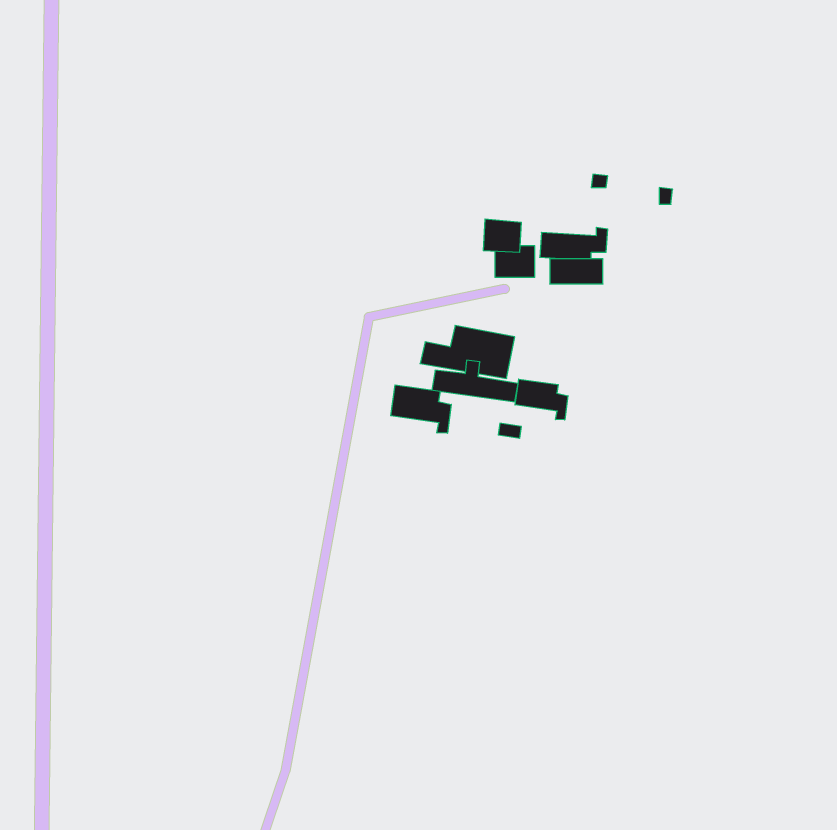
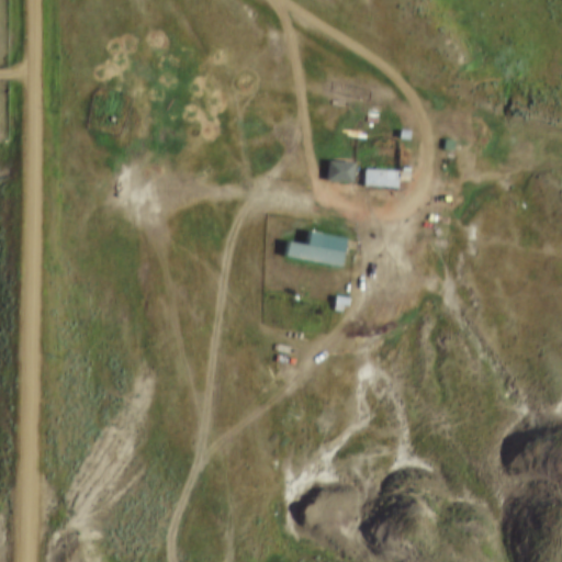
building: [515,379,568,420] -> none
building: [391,385,451,433] -> none

